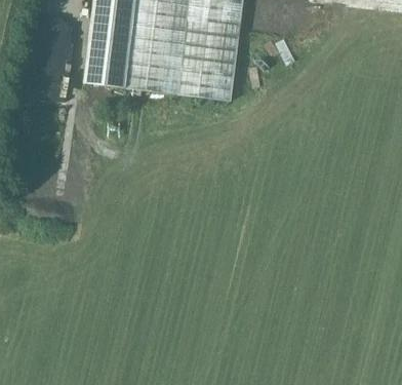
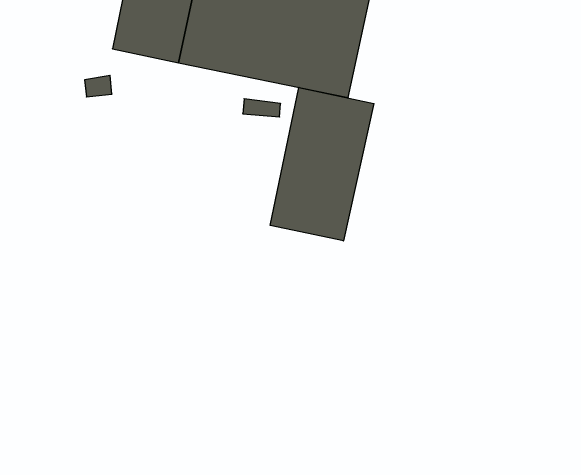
building: none -> [270,87,374,241]

